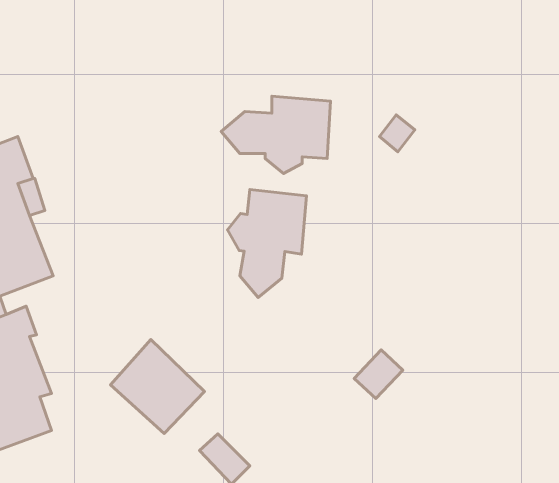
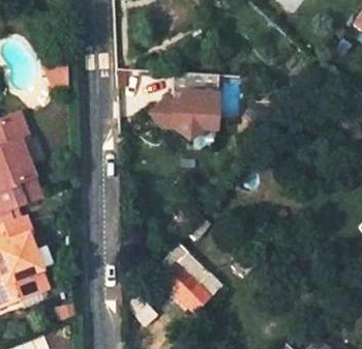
building: [228,190,306,298] -> none
building: [110,339,205,433] -> [163,251,221,309]

